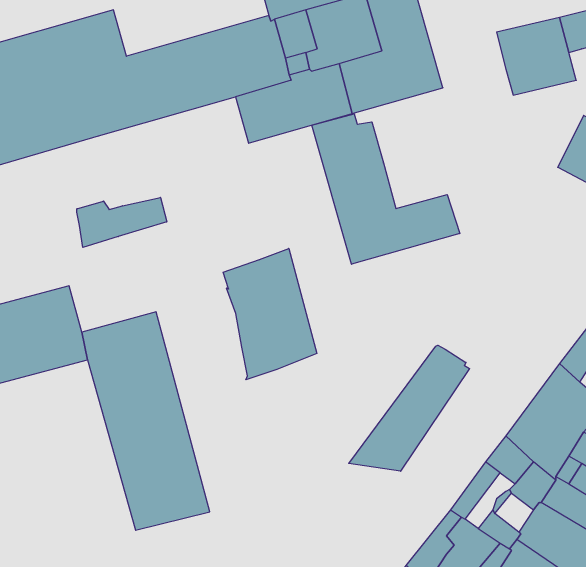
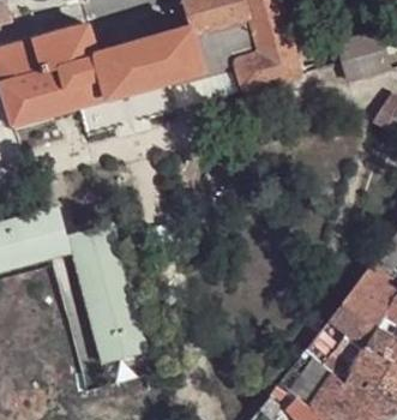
building: [312,114,460,264] -> none
building: [77,197,167,247] -> none
building: [223,248,317,380] -> none
building: [349,345,470,471] -> none

